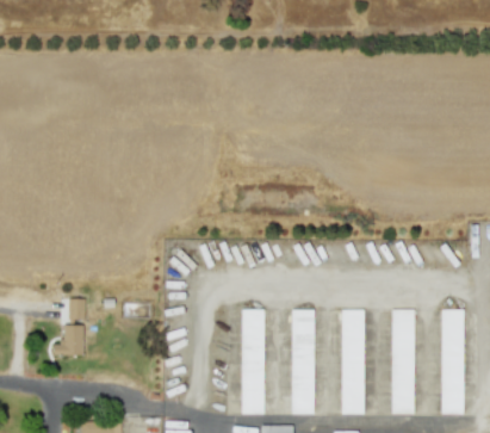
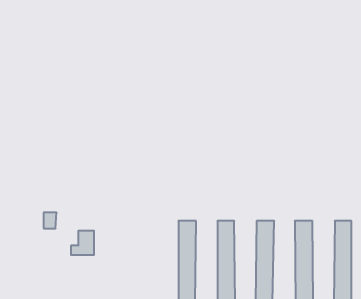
building: [54,326,83,357] -> [71,231,94,255]

